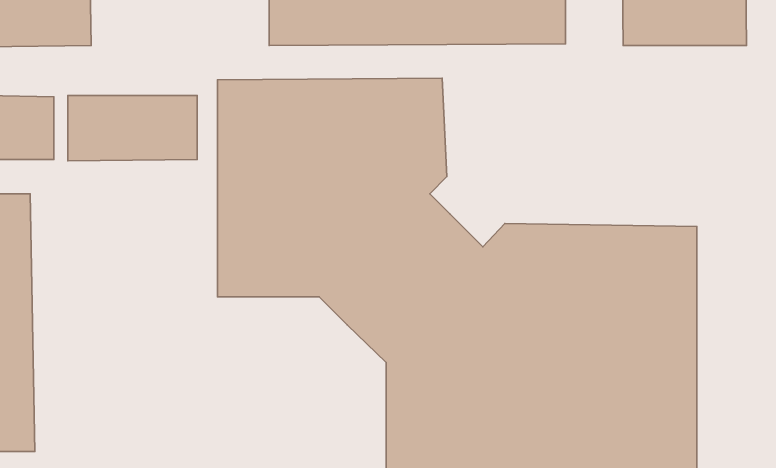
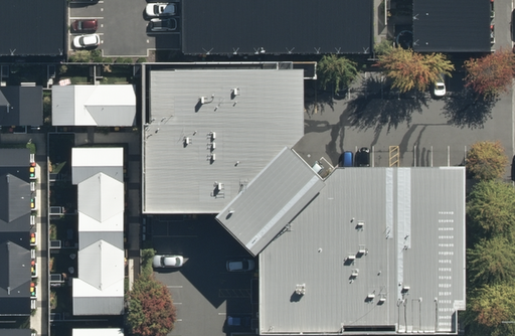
building: none -> [71,147,124,316]

